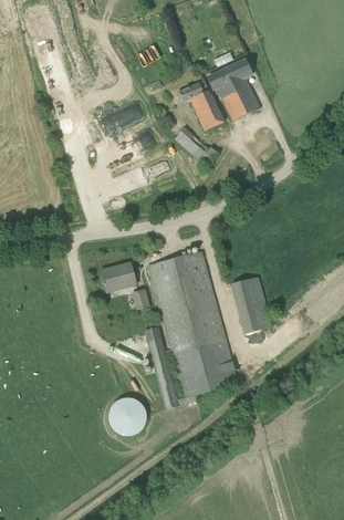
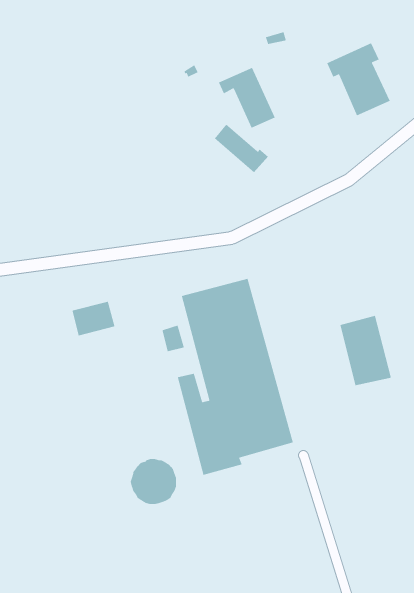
building: [207,61,259,121] -> [326,42,391,116]
building: [101,262,136,291] -> [71,301,115,336]
building: [230,274,272,332] -> [340,315,392,386]

